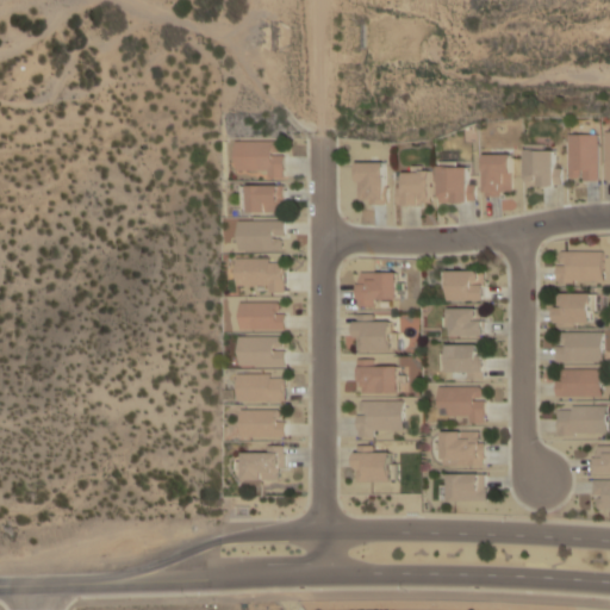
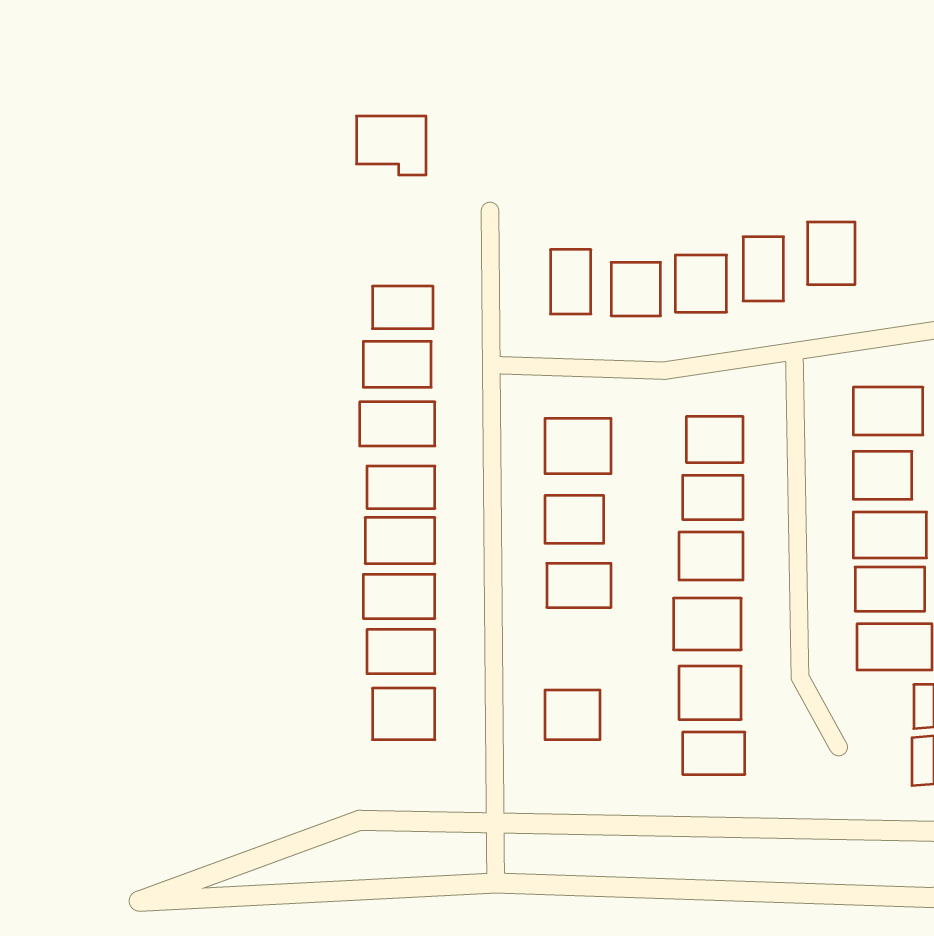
building: [567,135,596,181] -> none
building: [236,143,281,181] -> [356,116,426,175]
building: [355,403,402,436] -> none

